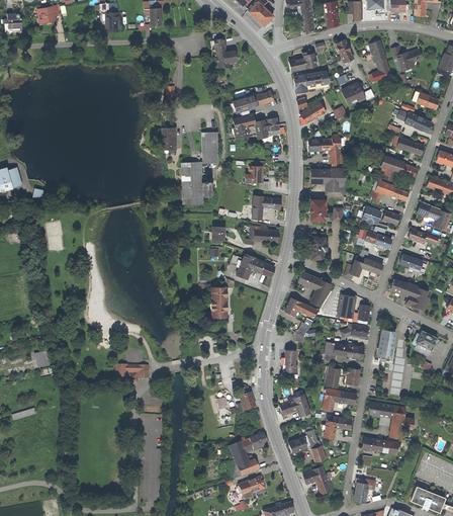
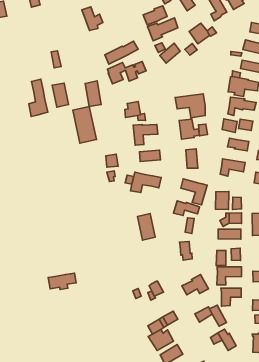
building: none -> [29,79,48,116]
building: [308,138,342,164] -> none
building: [211,286,229,318] -> [138,214,155,240]

